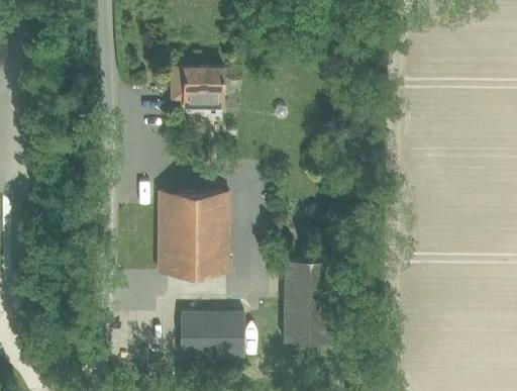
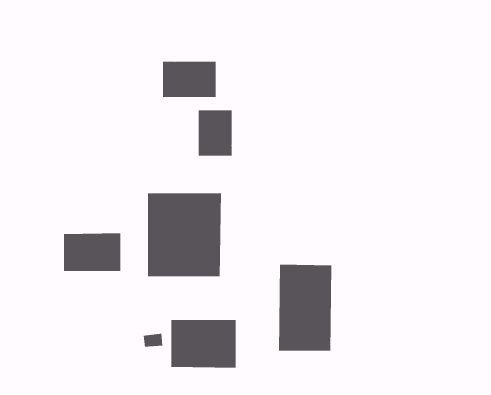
building: none -> [198,110,232,157]
building: none -> [63,232,121,272]

